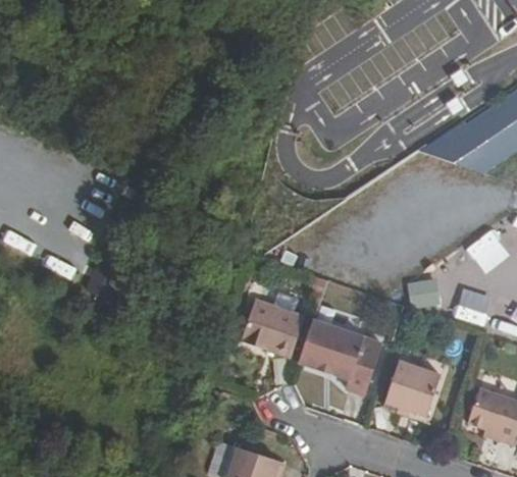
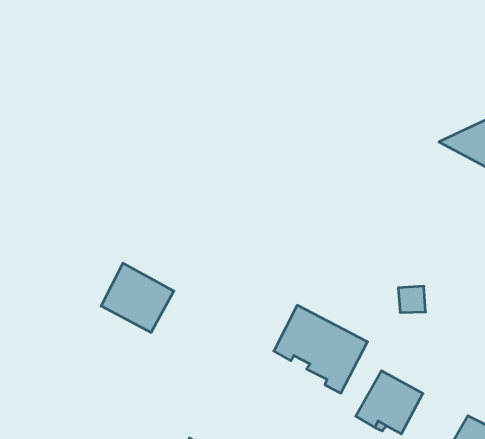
building: [243,300,305,357] -> [101,263,174,332]

